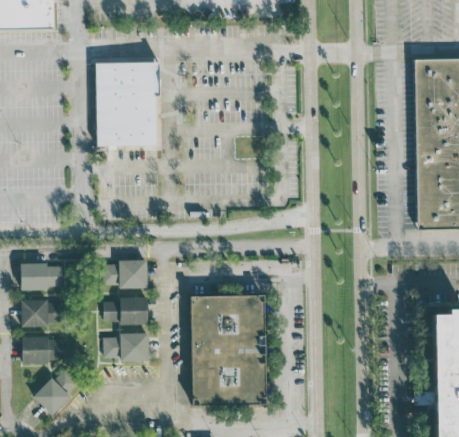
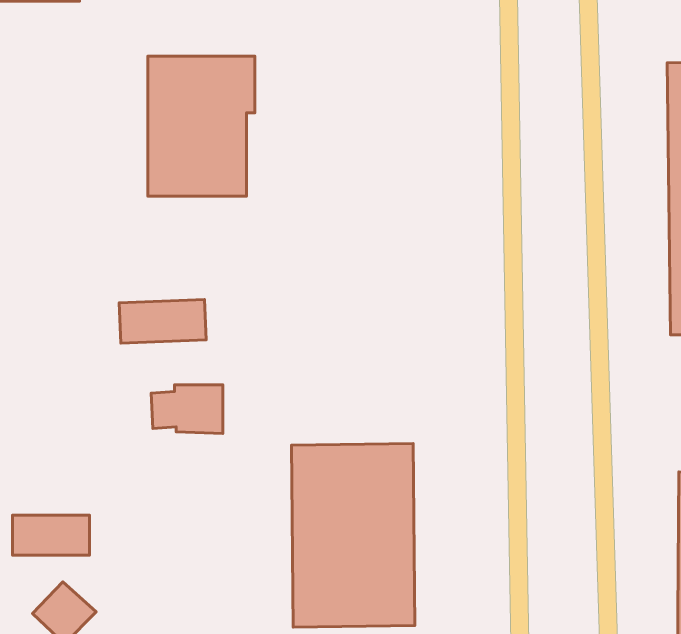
building: [19,263,71,289] -> [119,300,206,343]
building: [106,296,147,323] -> none
building: [22,300,56,326] -> none
building: [107,332,149,359] -> none

